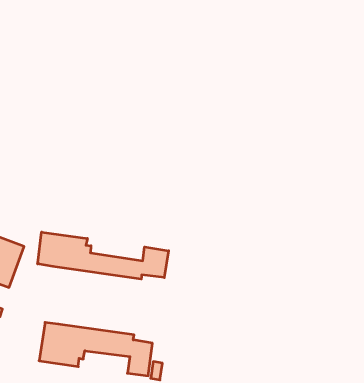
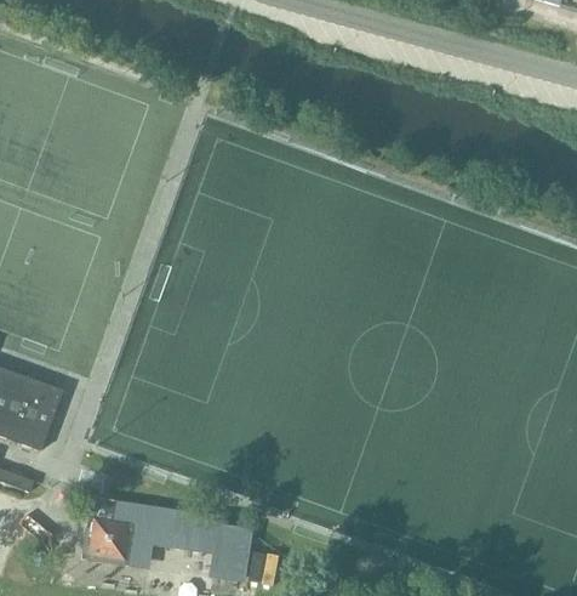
building: [38,232,169,279] -> none

